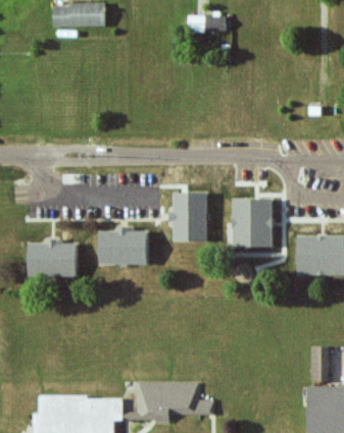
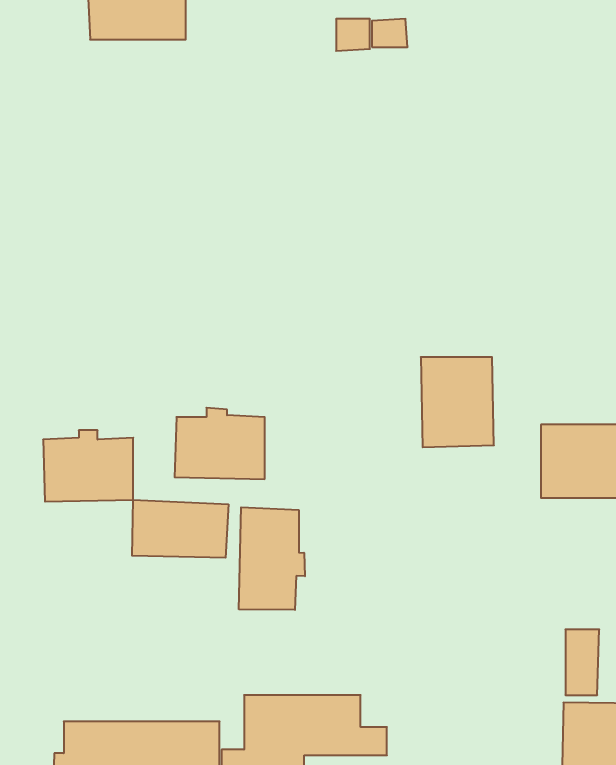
building: [168,193,206,241] -> none
building: none -> [132,500,228,558]
building: none -> [239,507,305,610]

